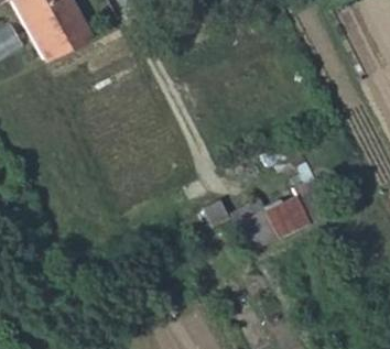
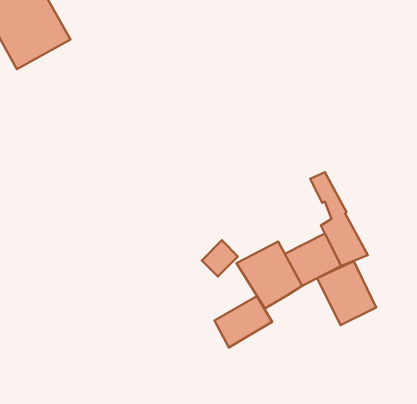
building: none -> [317,261,376,325]
building: none -> [215,296,272,347]

